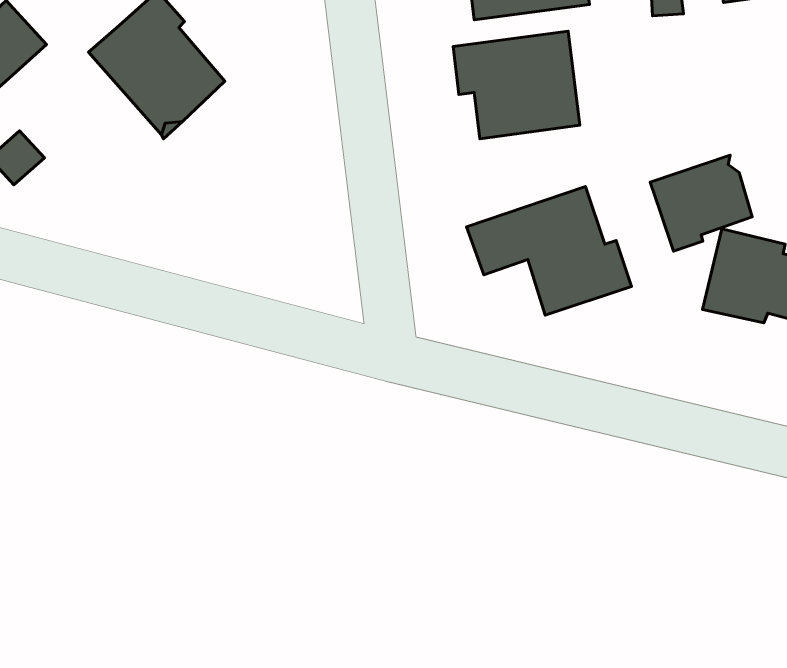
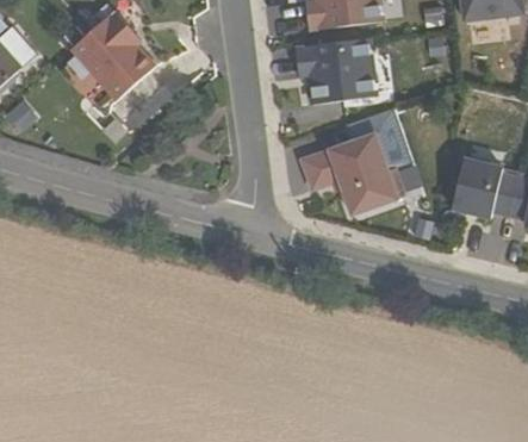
building: [650,155,752,251] -> none

